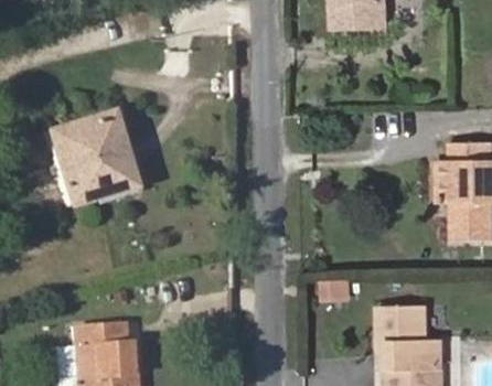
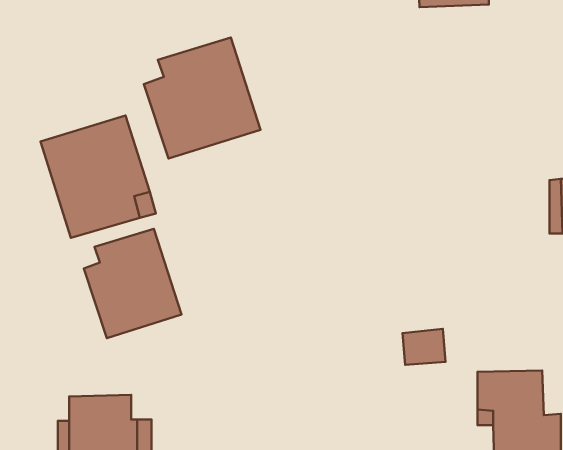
building: none -> [144,38,260,158]
building: none -> [84,229,181,338]

